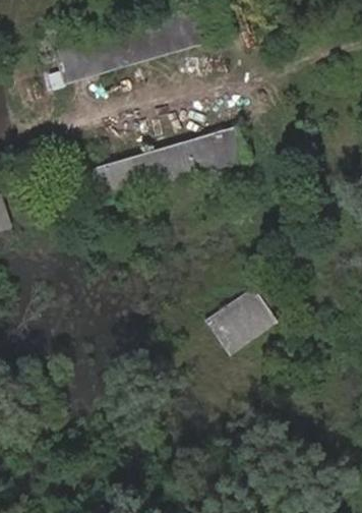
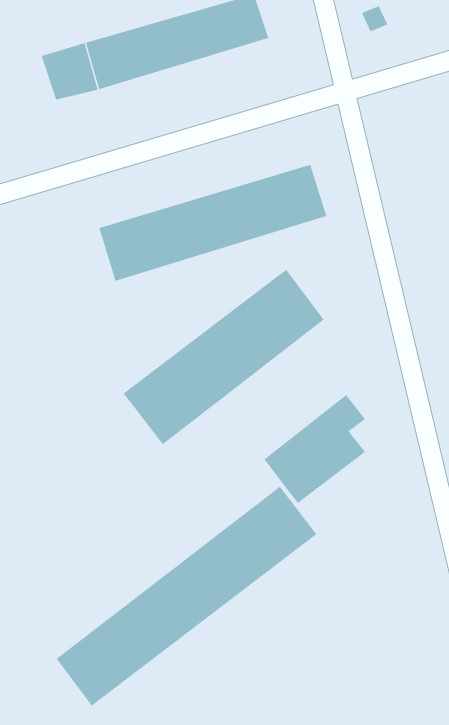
building: none -> [123,269,325,445]
building: none -> [56,486,317,706]

